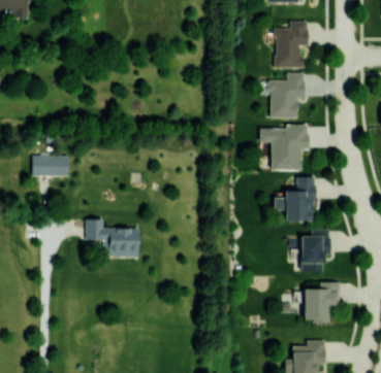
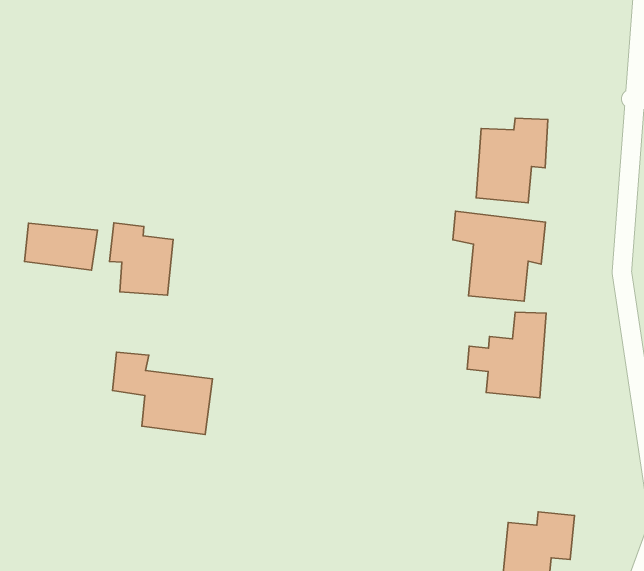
building: [276,21,309,67] -> none
building: none -> [110,223,173,295]
building: [300,228,330,271] -> none

